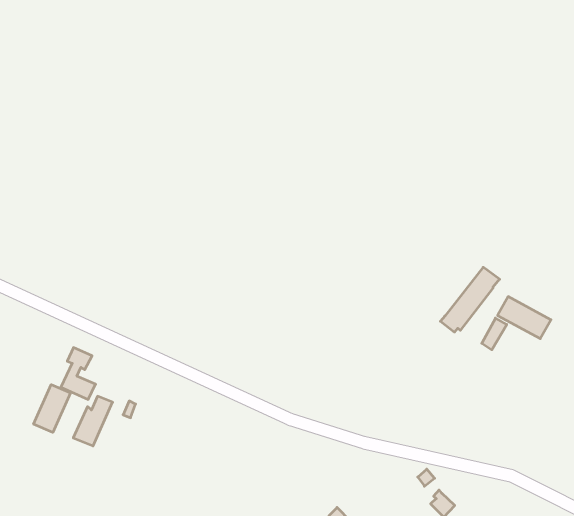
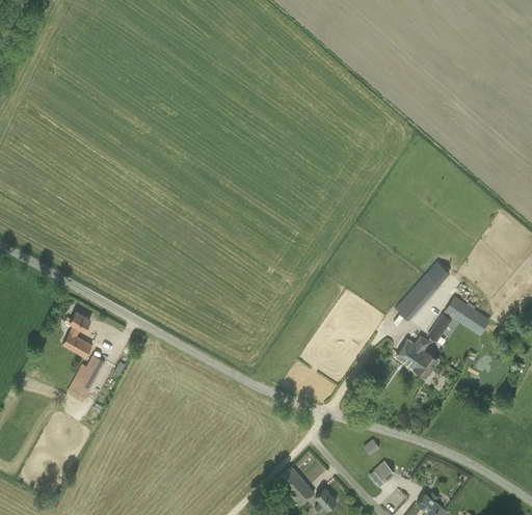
building: none -> [395,334,437,377]
building: [34,385,70,432] -> none

